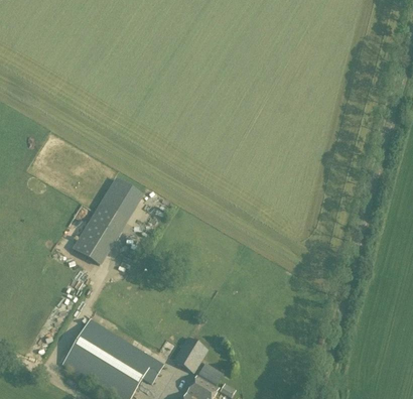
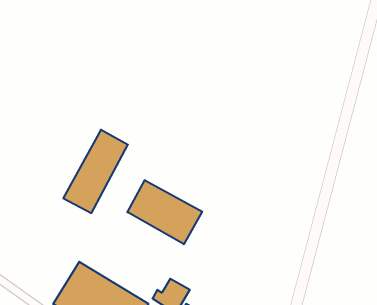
building: none -> [127,180,202,244]

